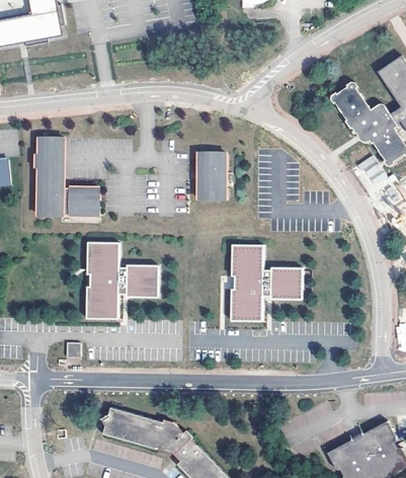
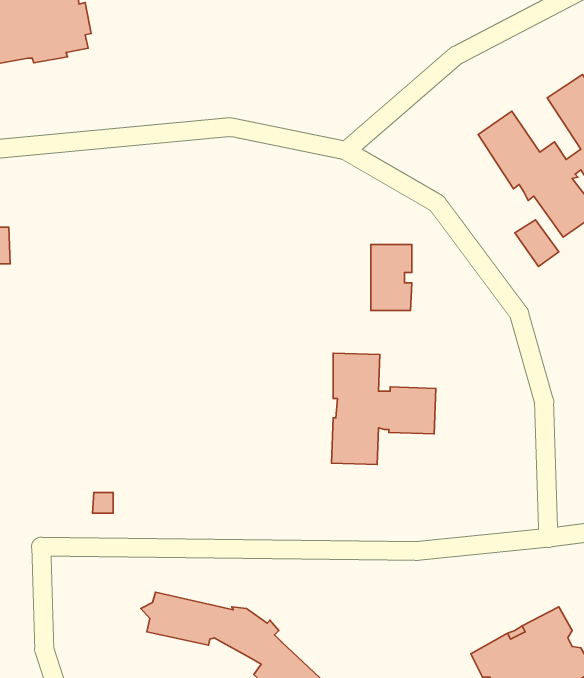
building: [35,137,98,216] -> none
building: [197,154,226,200] -> [371,245,412,311]
building: [85,242,158,318] -> none

